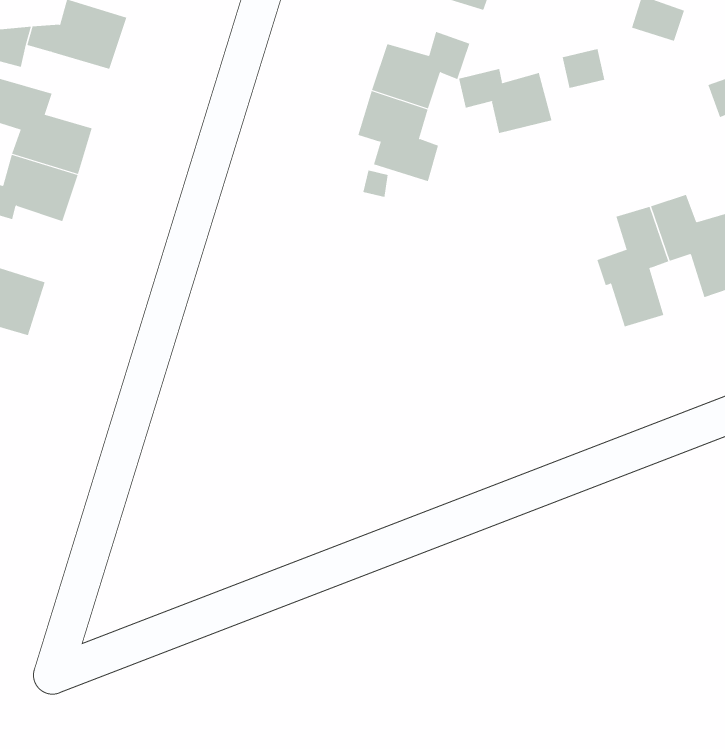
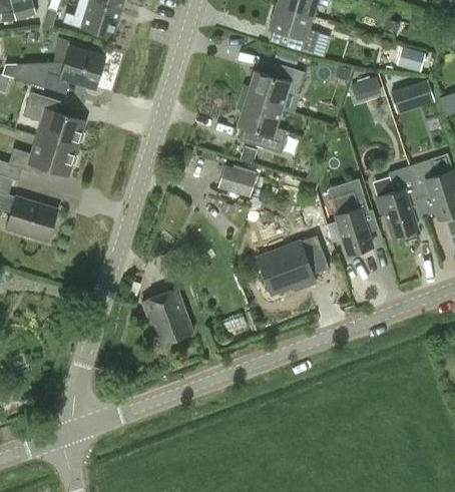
building: none -> [389,78,434,113]
building: [458,68,552,134] -> none
building: none -> [217,165,258,198]
building: none -> [331,189,372,254]
building: none -> [257,234,329,295]
building: none -> [141,289,193,345]

